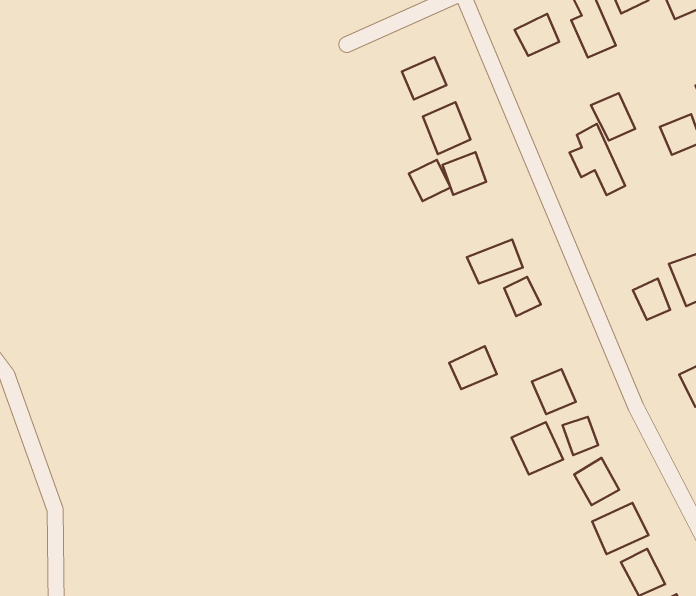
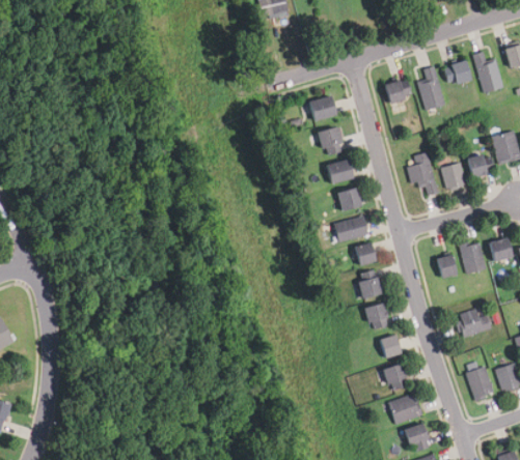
building: [591,93,635,141] -> [441,163,467,192]
building: [409,160,450,201] -> [336,186,361,211]
building: [449,346,497,389] -> [356,274,385,298]
building: [511,422,563,475] -> none

